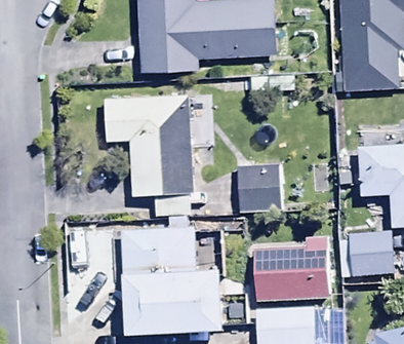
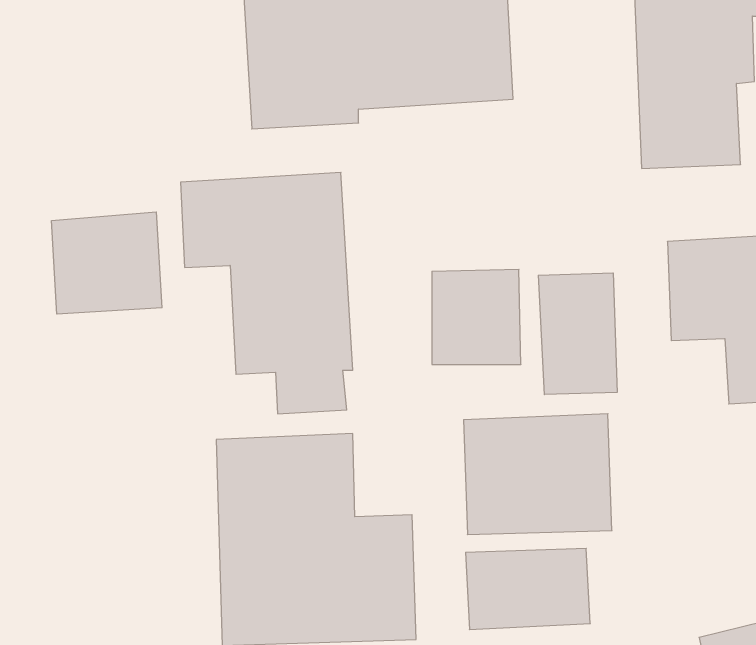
building: none -> [52,212,162,314]
building: none -> [538,273,617,395]
building: [350,233,393,278] -> none

